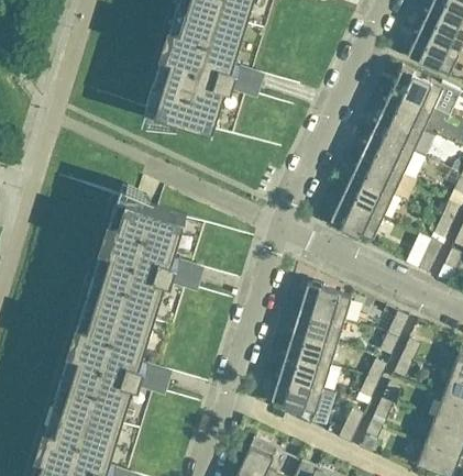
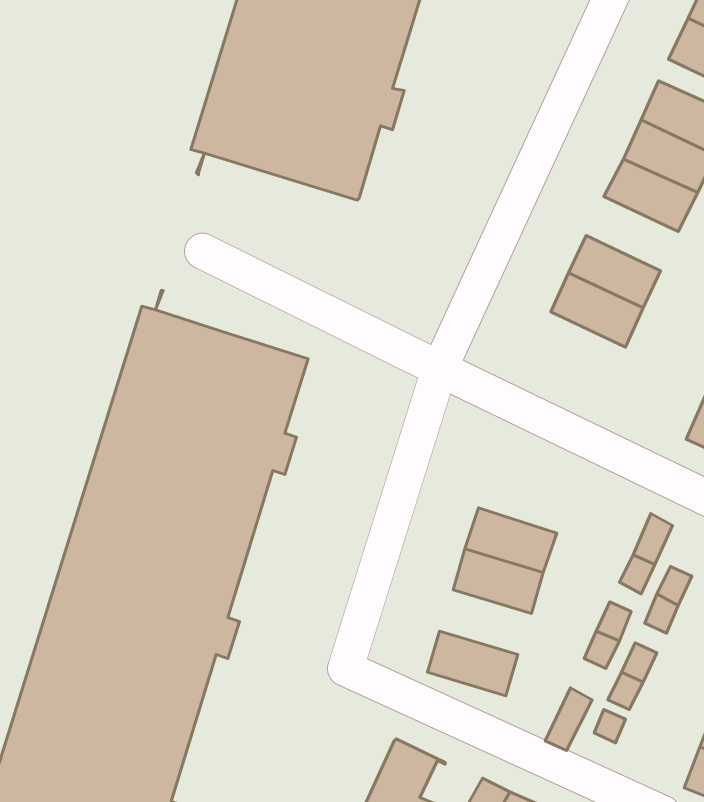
building: [362,132,414,174] -> none
building: [332,197,384,239] -> none
building: [301,284,352,321] -> none
building: [279,353,331,389] -> none

